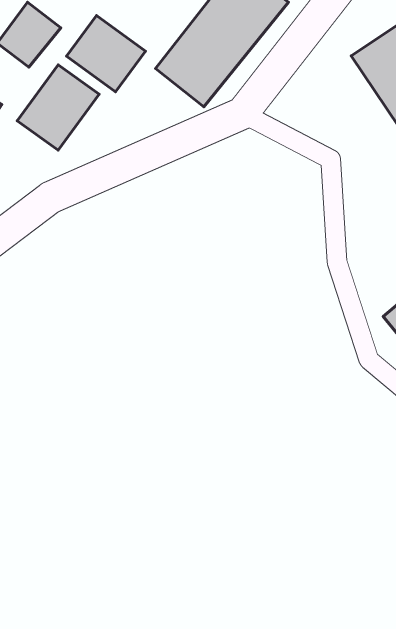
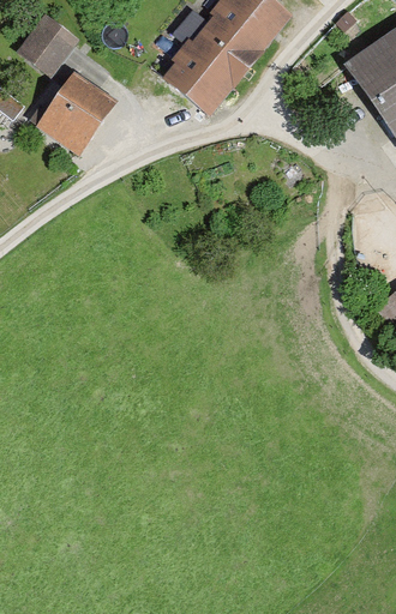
building: [66,15,145,92] -> none

